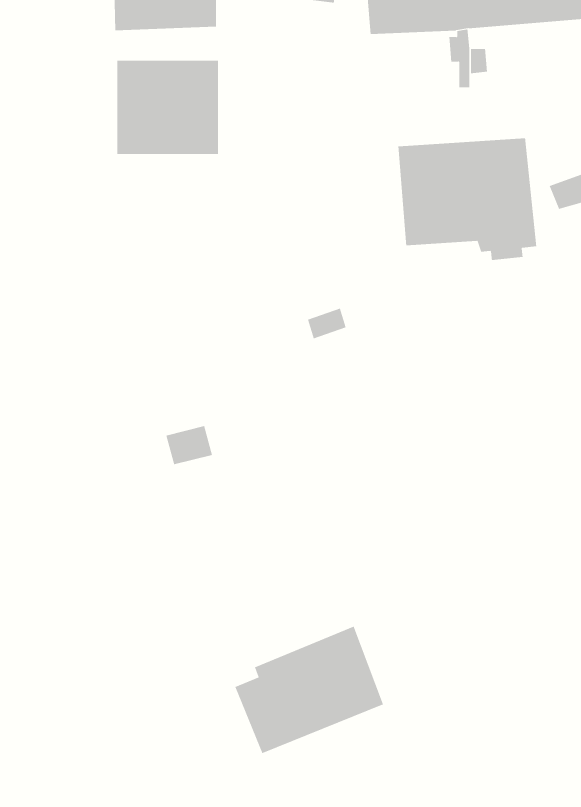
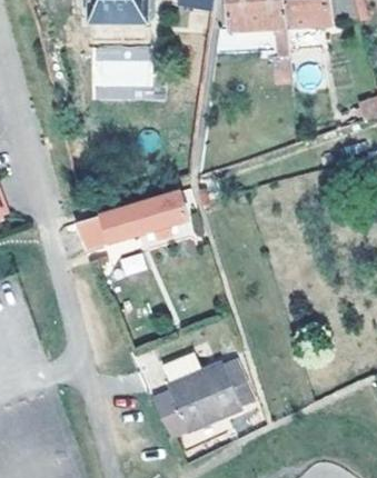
building: [398,138,537,261] -> none
building: none -> [77,191,188,249]

